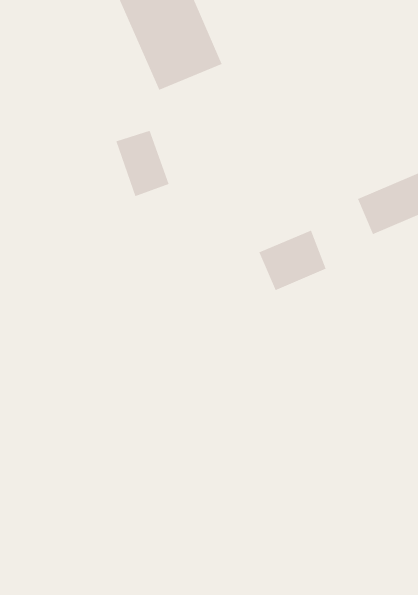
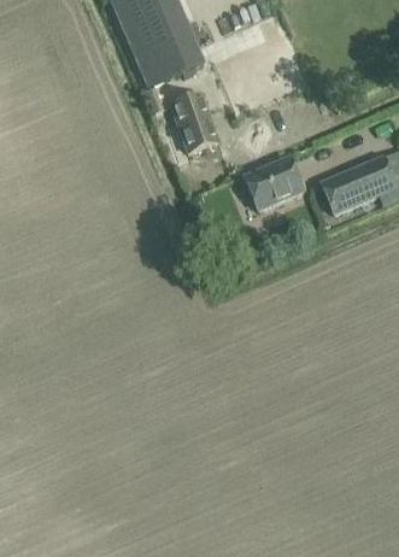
building: [115,130,170,197] -> [172,93,219,151]
building: [259,230,327,291] -> [245,156,304,209]

